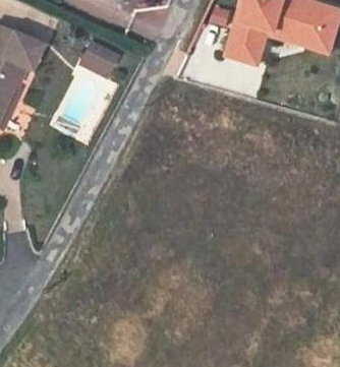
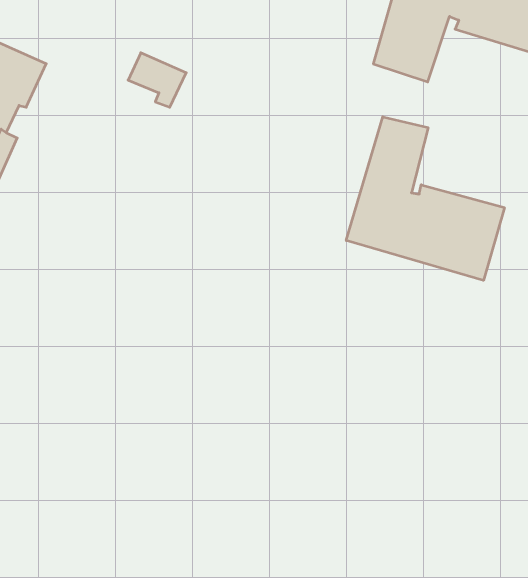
building: none -> [346,117,504,280]

